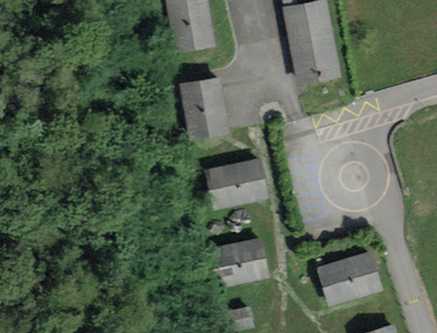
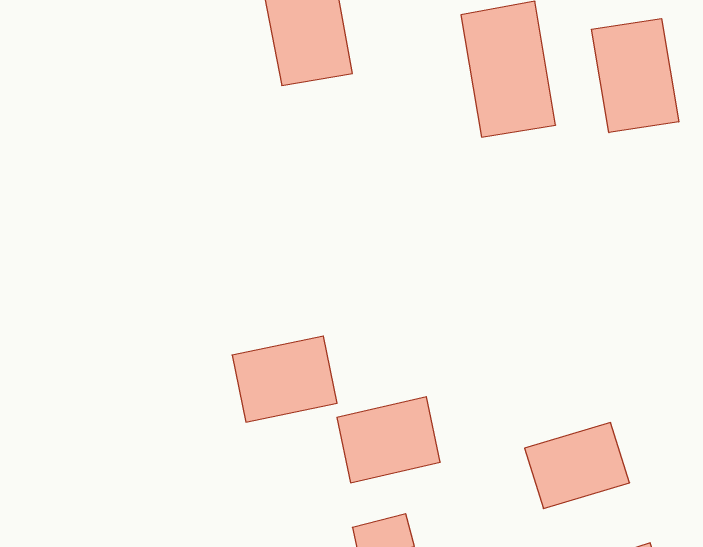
building: none -> [592,19,679,133]
building: [181,76,227,138] -> none
building: [205,159,267,210] -> [232,336,337,422]

